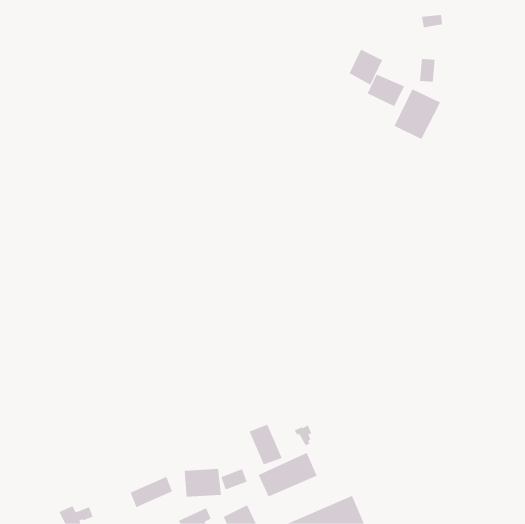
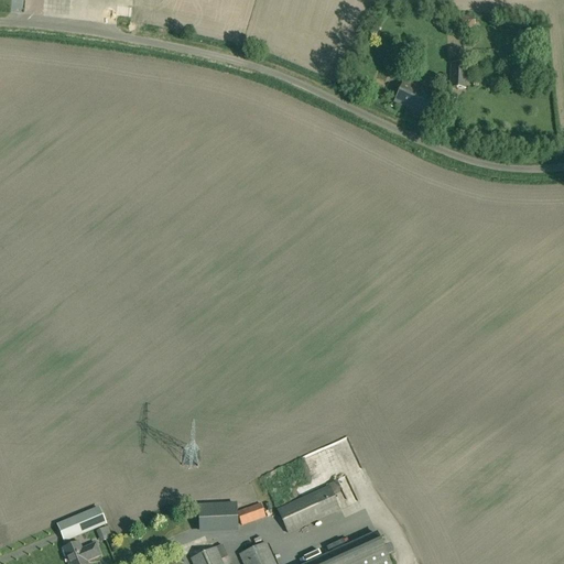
building: [349,49,383,85] -> none
building: [394,88,441,140] -> none
building: [249,424,283,465] -> none
building: [130,476,173,508] -> [58,507,105,541]

